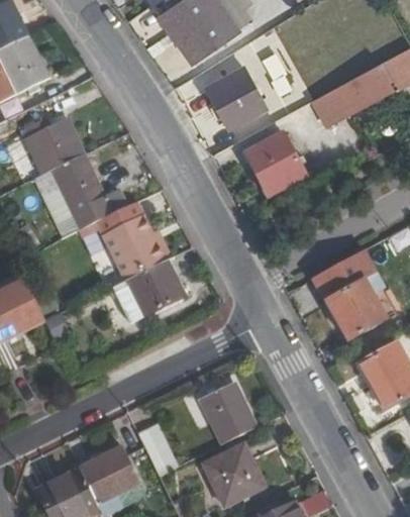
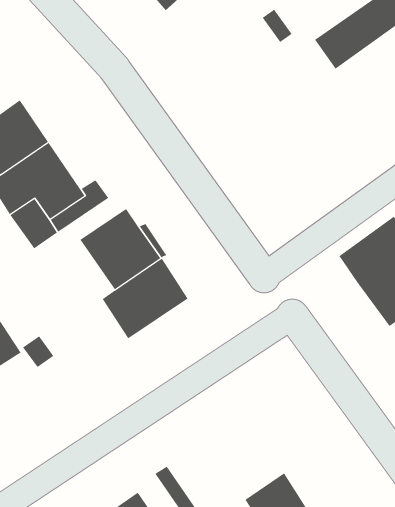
building: [205,64,267,126] -> none
building: [242,129,304,193] -> none
building: [200,385,255,446] -> none

